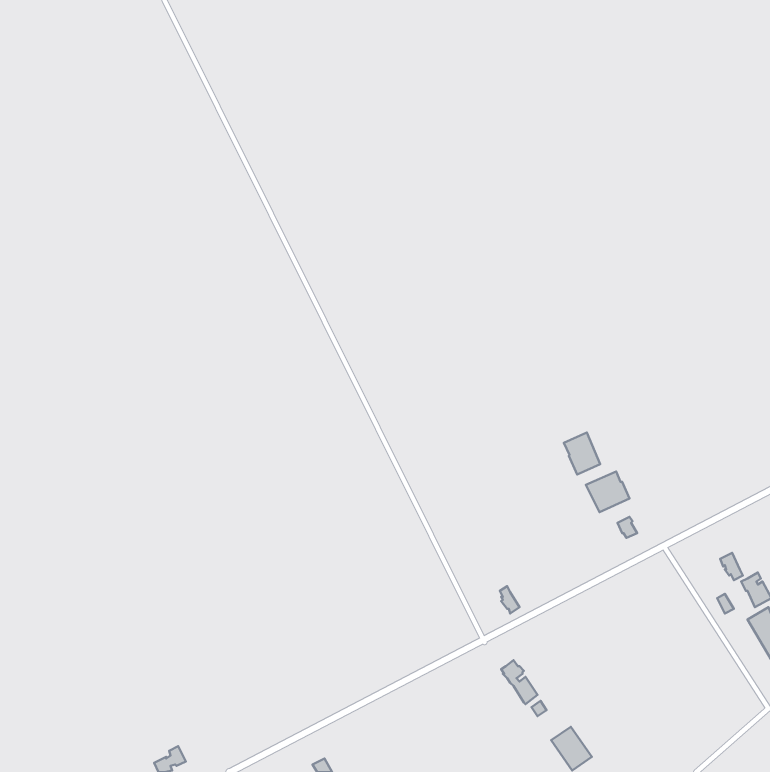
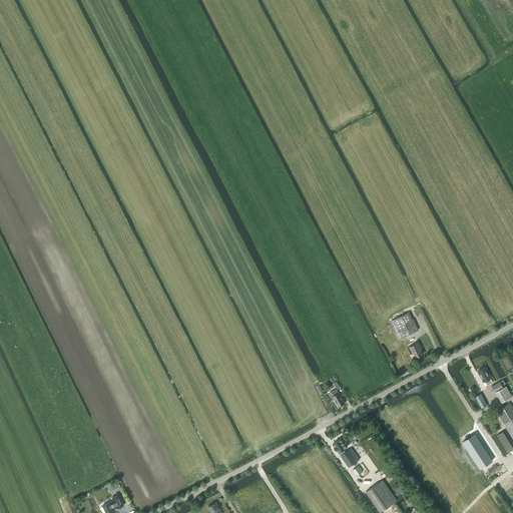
building: [564,433,600,475] -> none
building: none -> [464,434,493,468]

